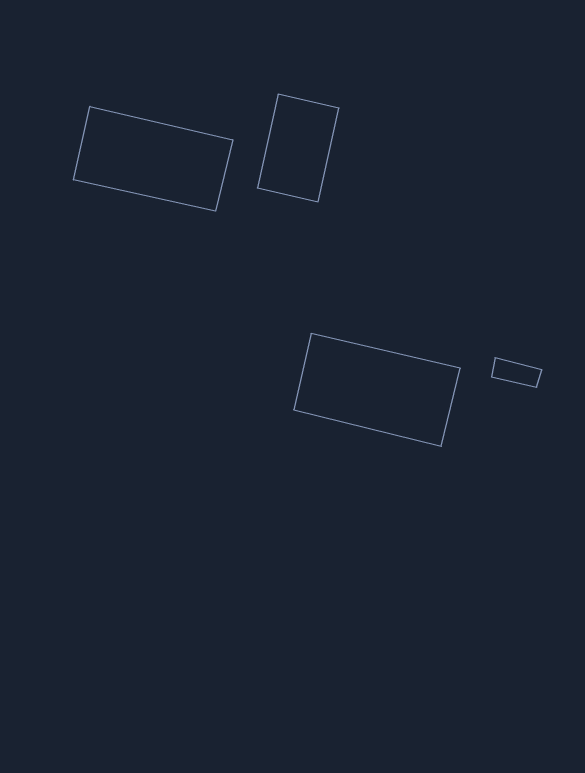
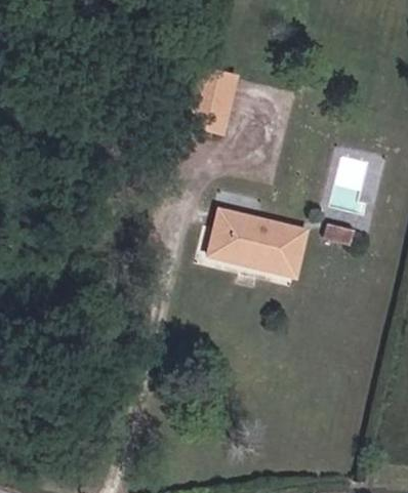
building: [74,106,233,211] -> none

